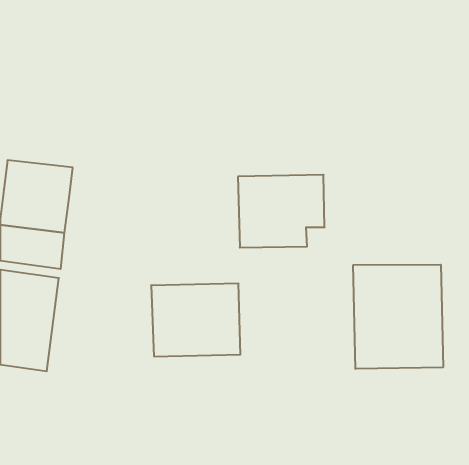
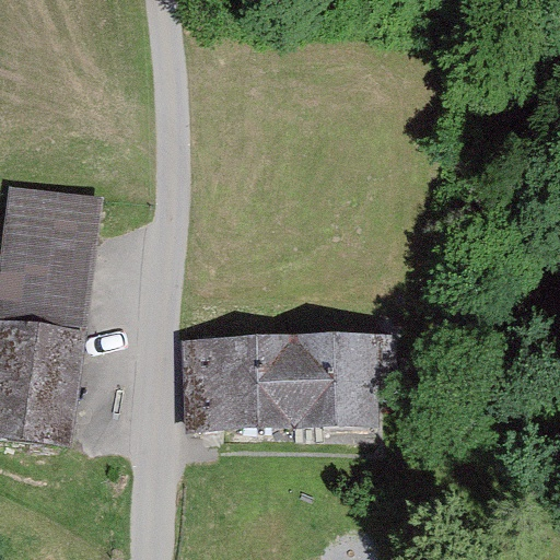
building: [238,175,325,248] -> [285,335,388,421]
building: [353,265,443,369] -> none

